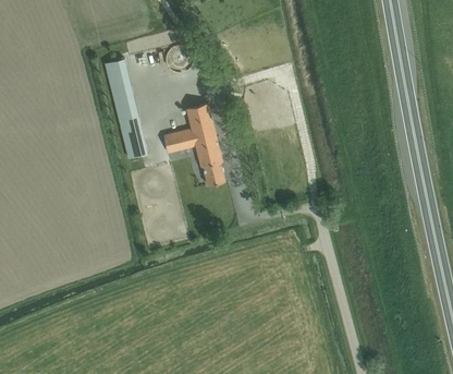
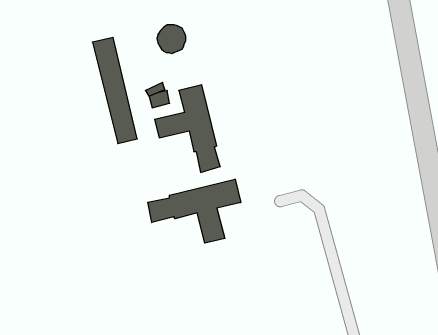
building: none -> [148,179,241,243]

